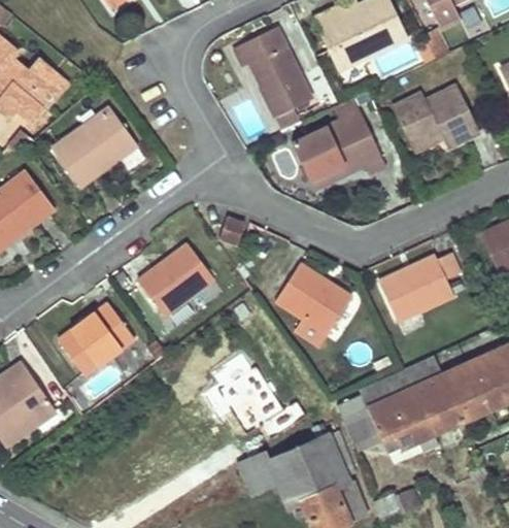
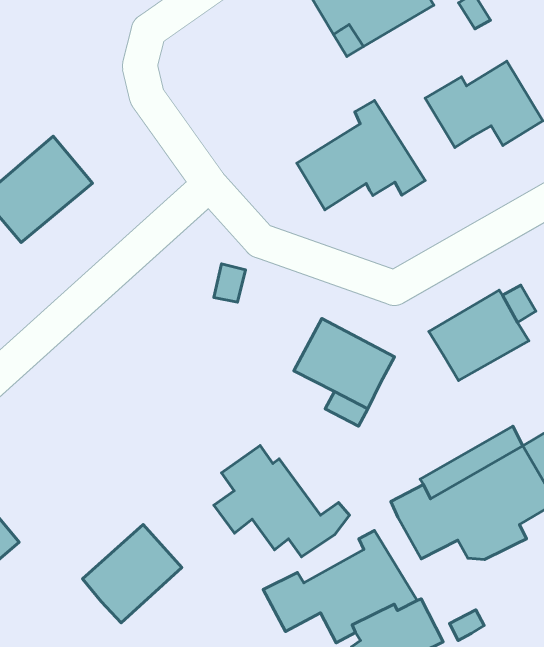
building: [234,29,312,130] -> none
building: [138,244,212,316] -> none
building: [58,303,133,375] -> [82,525,182,623]

